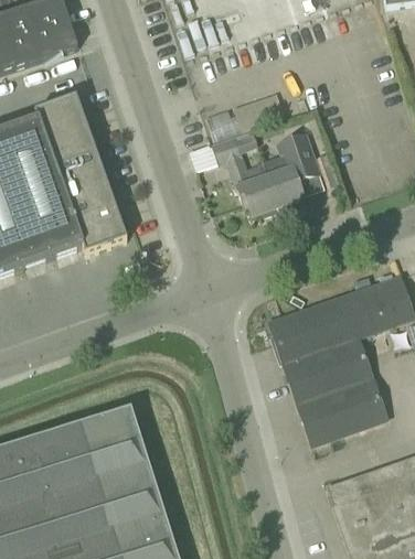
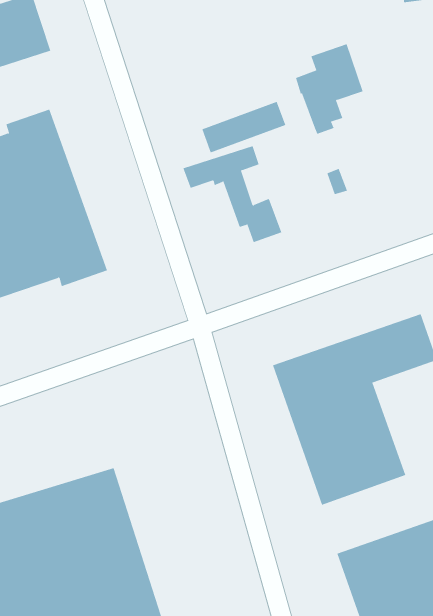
building: [262,132,321,212] -> [295,44,363,135]

